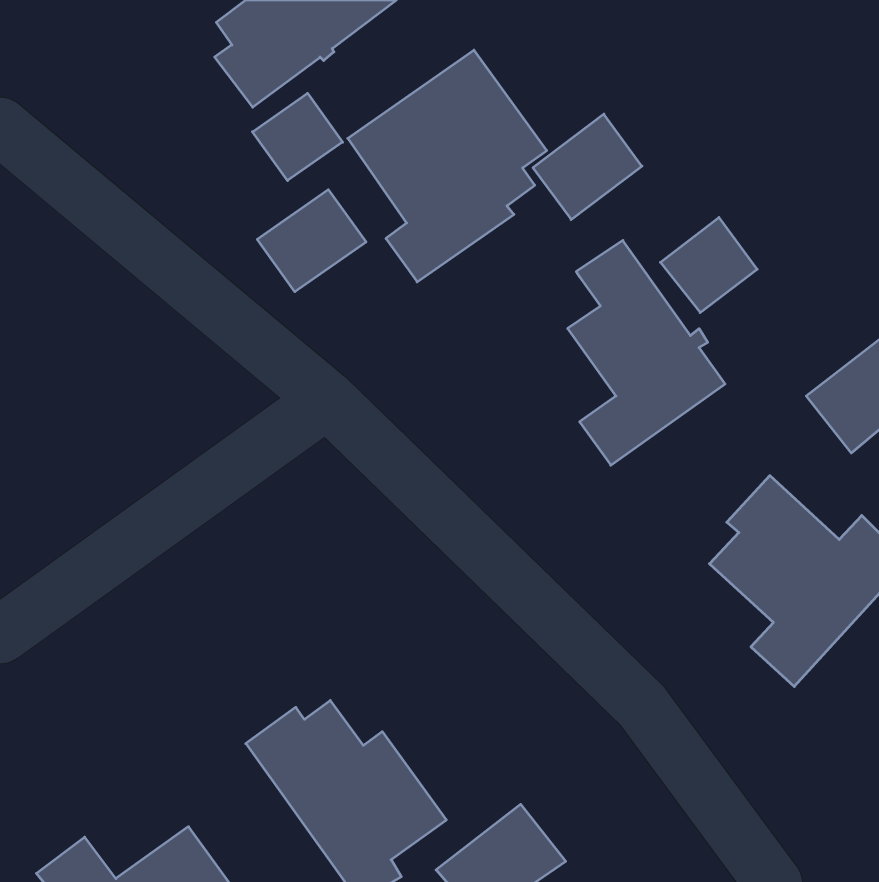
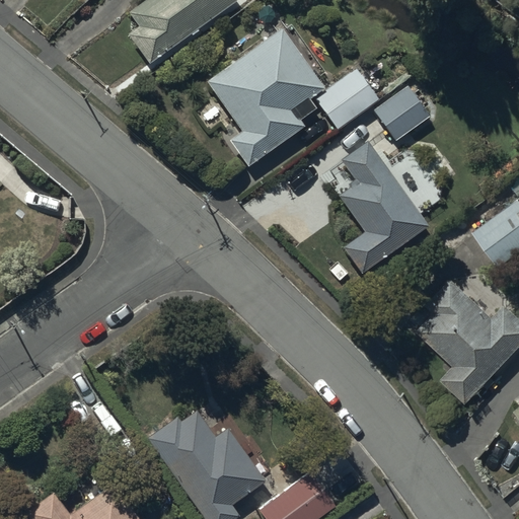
building: [252,93,343,181] -> none
building: [257,190,366,292] -> none
building: [660,217,757,313] -> [373,84,430,140]

